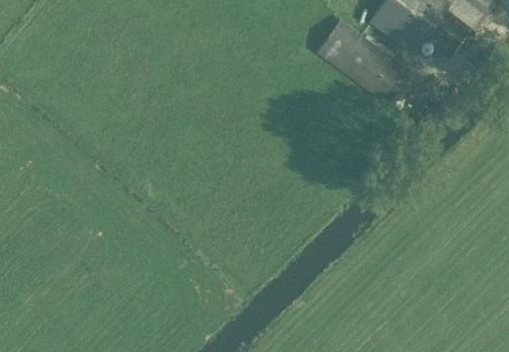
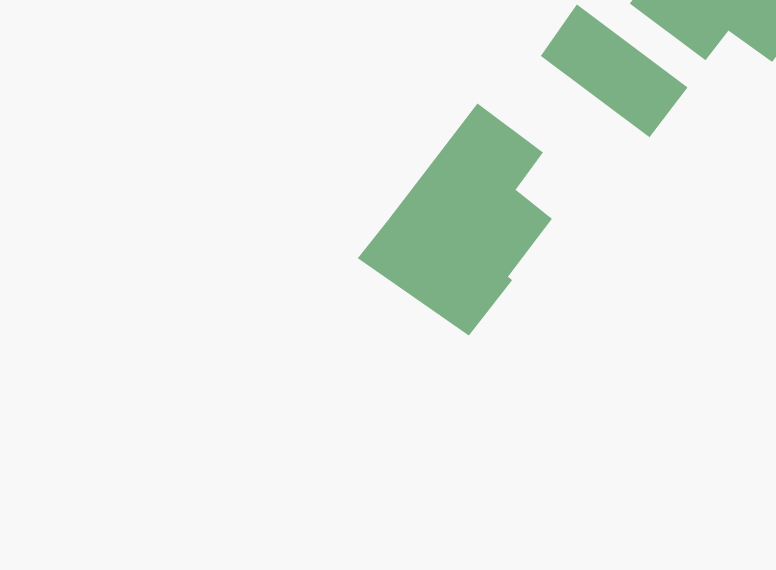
building: none -> [357,102,553,337]

